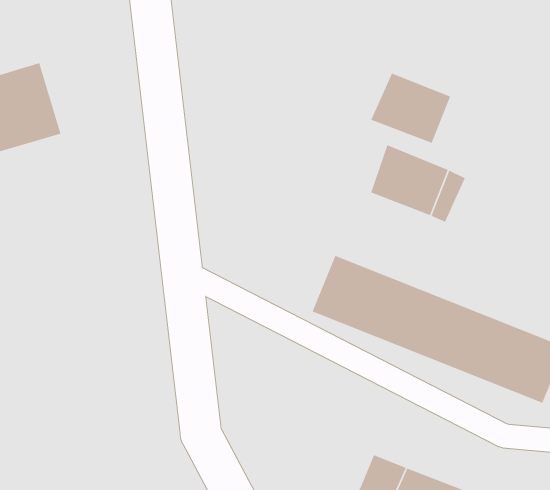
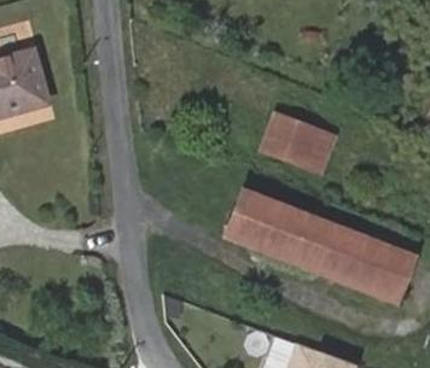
building: [370,72,451,144] -> none

